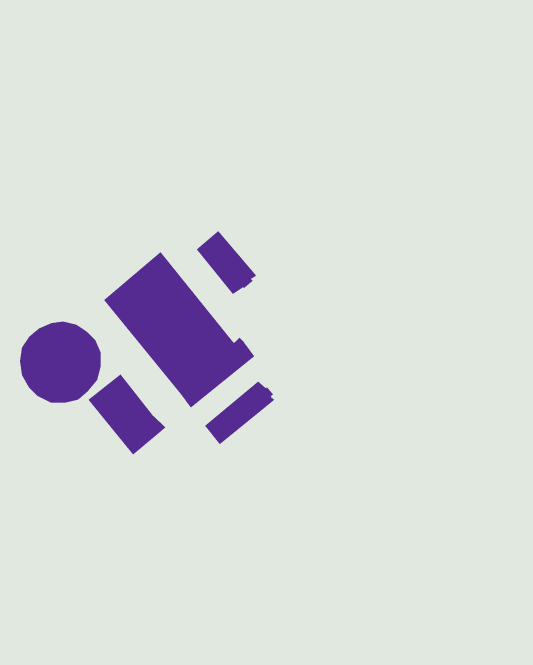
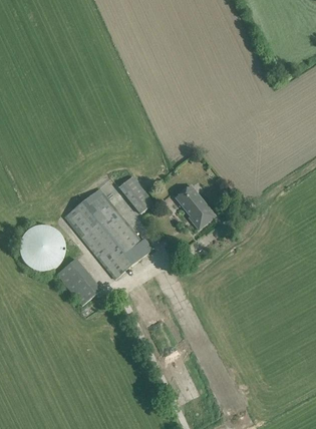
building: none -> [175,183,216,230]
building: [204,380,276,445] -> none

